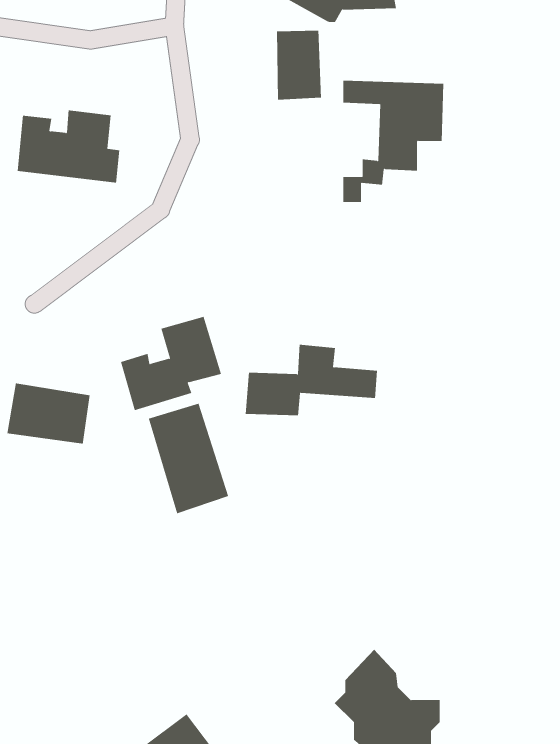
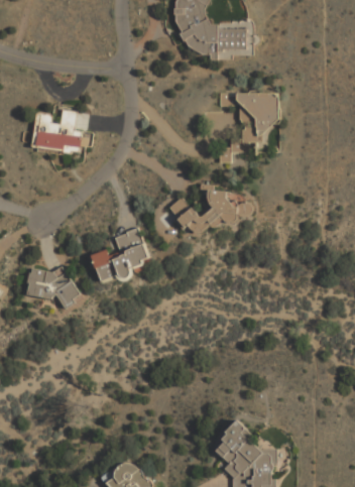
building: [277,30,321,100] -> none
building: [245,344,378,416] -> [174,189,251,230]
building: [148,403,229,514] -> none

